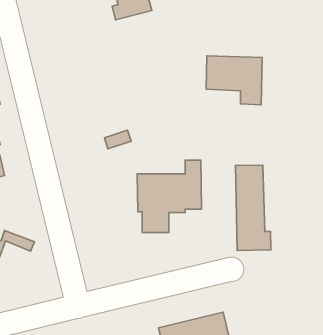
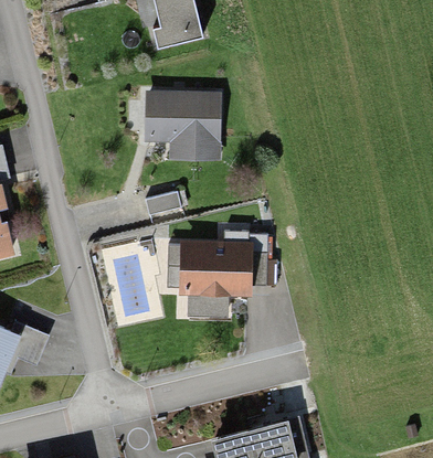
building: [206,56,262,105] -> [146,97,218,160]
building: [235,165,271,250] -> none

